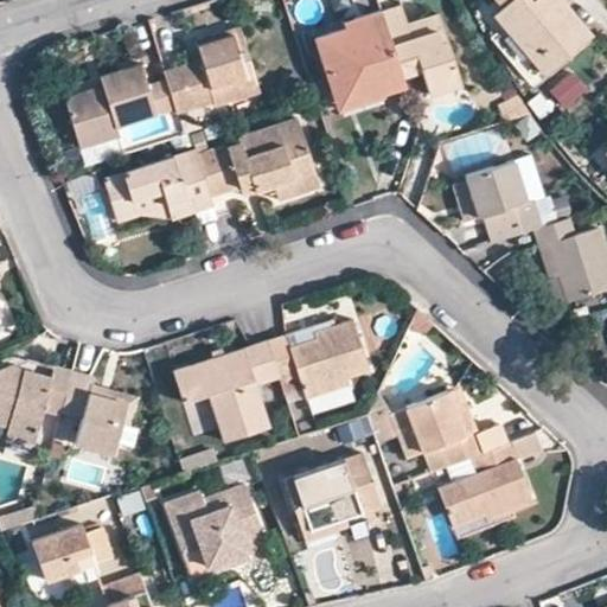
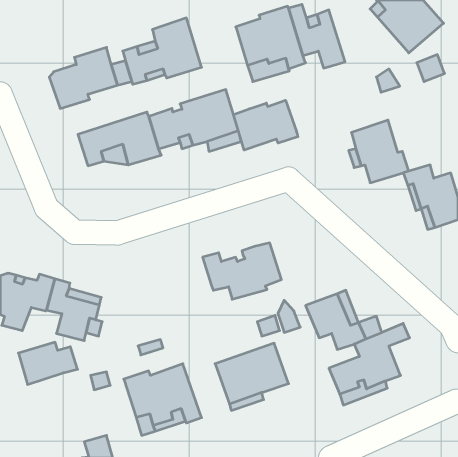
building: none -> [233,100,298,150]
building: [175,341,280,441] -> none
building: [33,525,111,581] -> [18,342,78,384]

